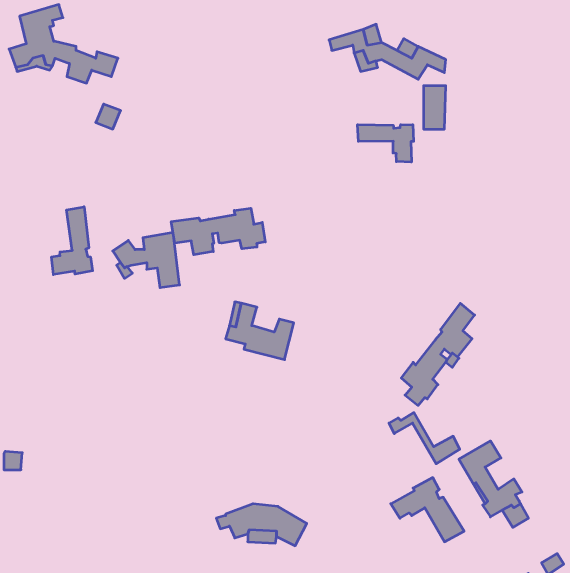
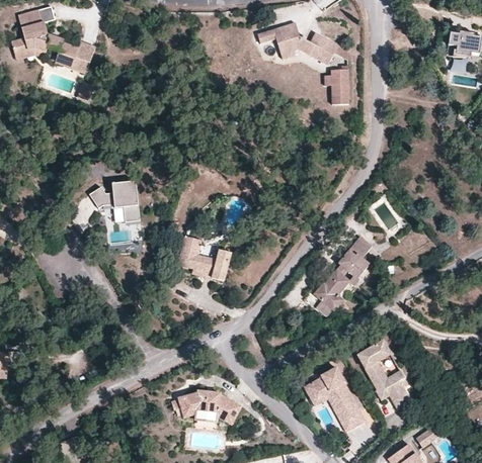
building: [358,125,414,162] -> none
building: [52,207,93,275] -> none
building: [171,208,265,255] -> none
building: [389,413,460,464] -> [312,393,367,433]

